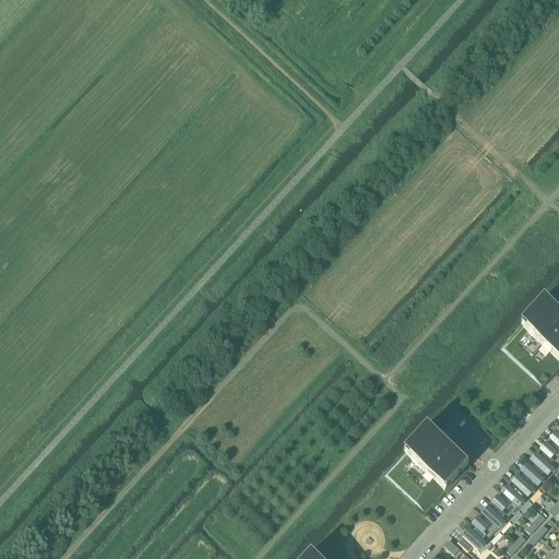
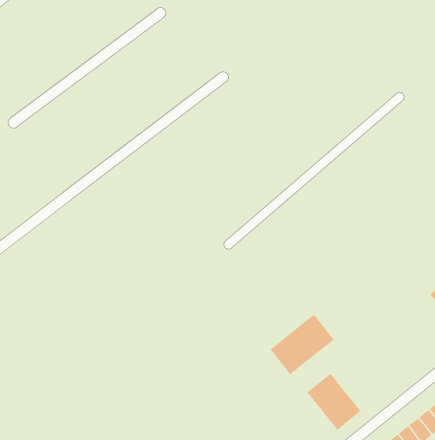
building: none -> [270,314,334,375]

